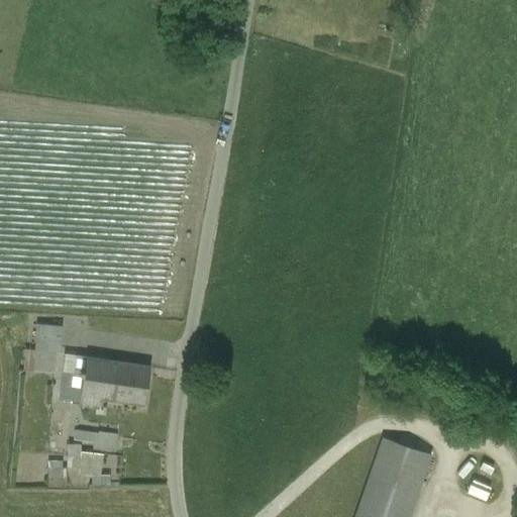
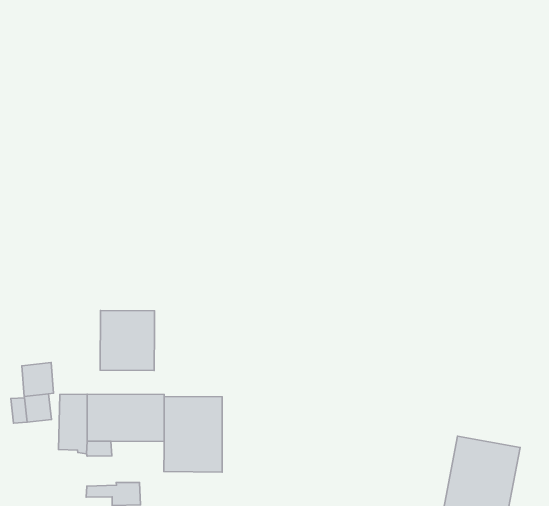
building: none -> [100,311,155,370]
building: none -> [164,397,222,472]

